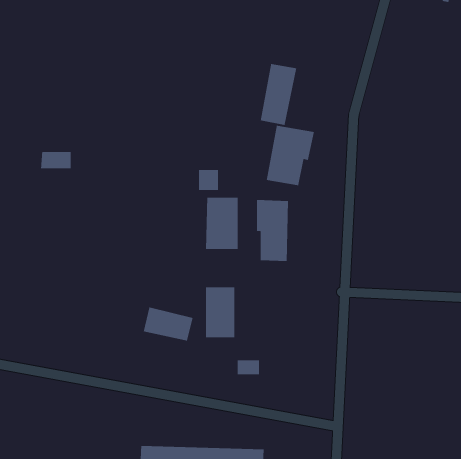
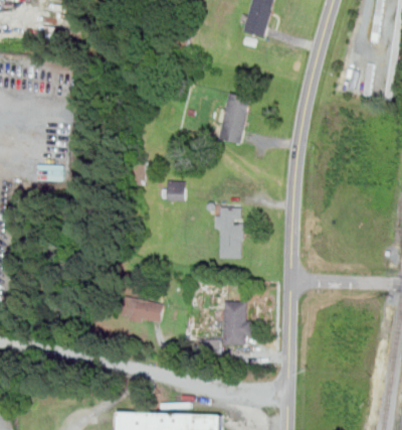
building: [266,125,315,186] -> none
building: [205,197,238,250] -> none
building: [205,286,235,338] -> [223,300,248,343]

